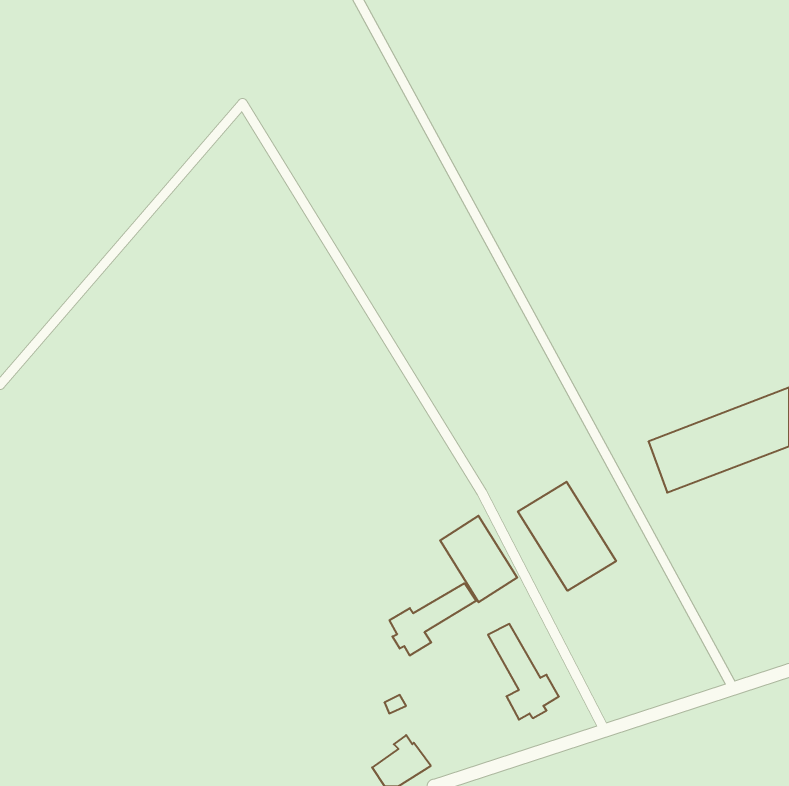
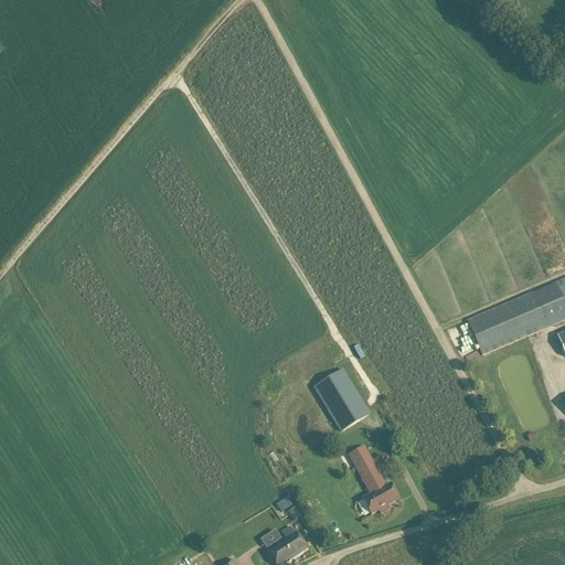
building: [518,482,616,591] -> none
building: [390,583,476,656] -> none

